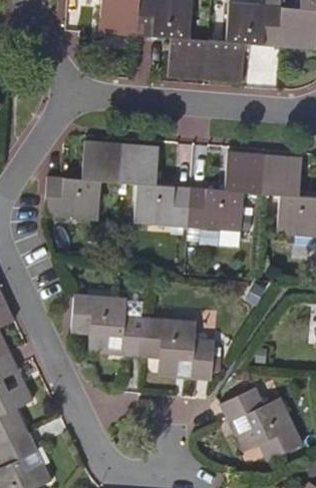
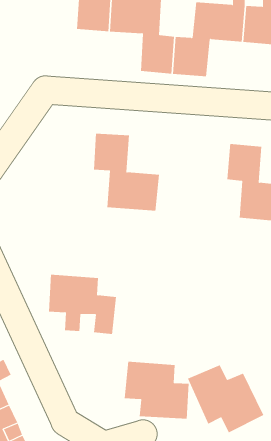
building: [44,140,121,218] -> none
building: [187,151,265,231] -> none
building: [140,318,211,380] -> [124,361,189,419]

